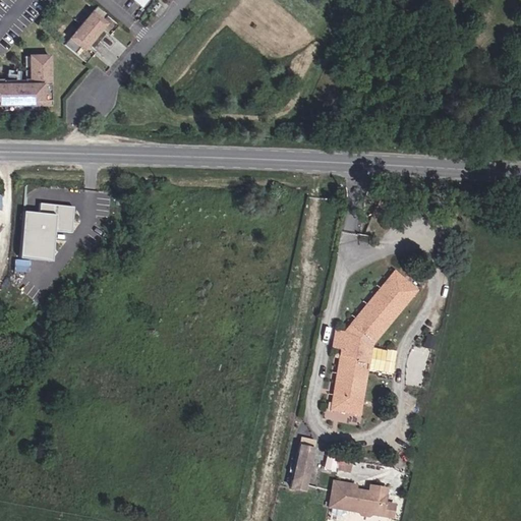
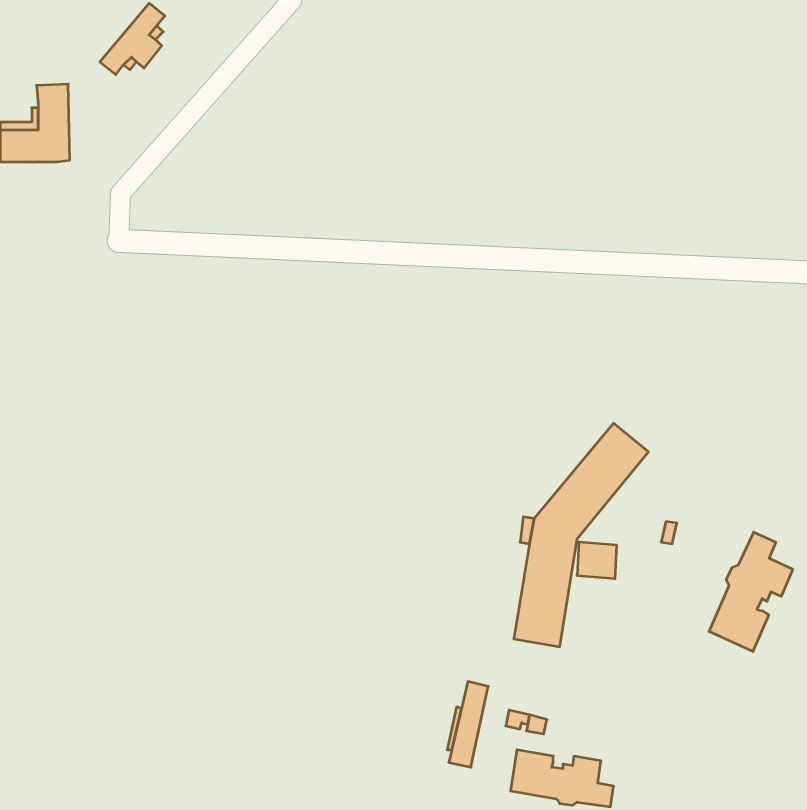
building: [19,202,74,260] -> none
building: none -> [709,532,793,652]

